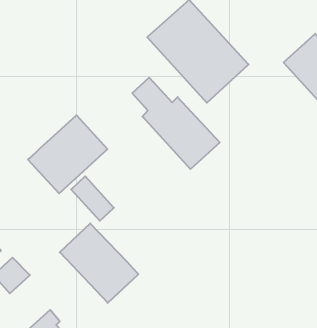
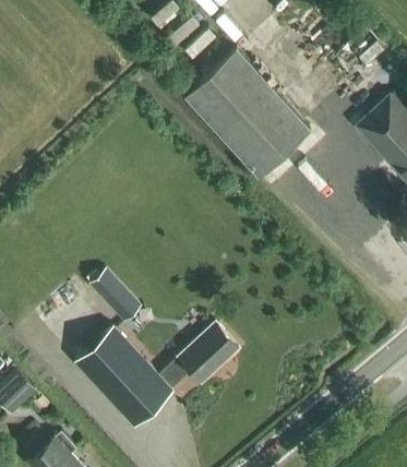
building: [132,78,220,169] -> none
building: [28,115,107,193] -> none
building: none -> [159,323,240,390]

